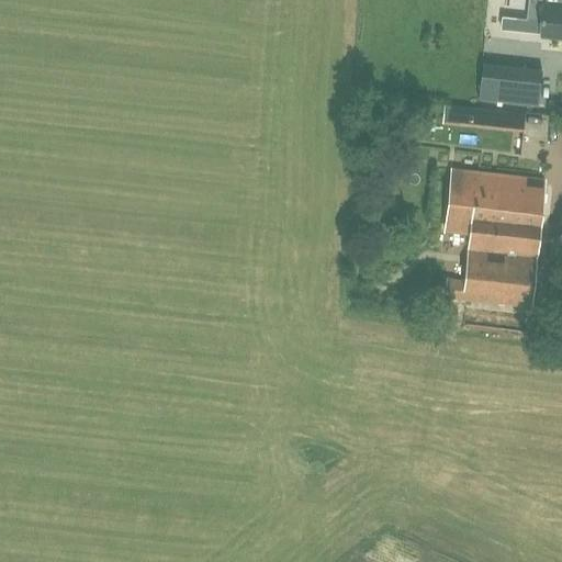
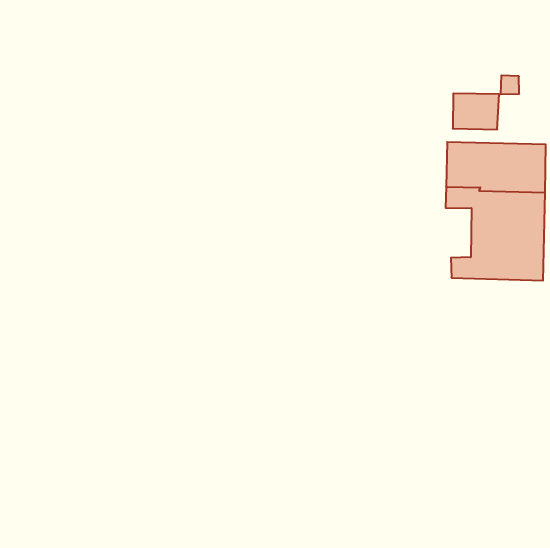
building: [480,66,526,103] -> [453,93,499,129]

